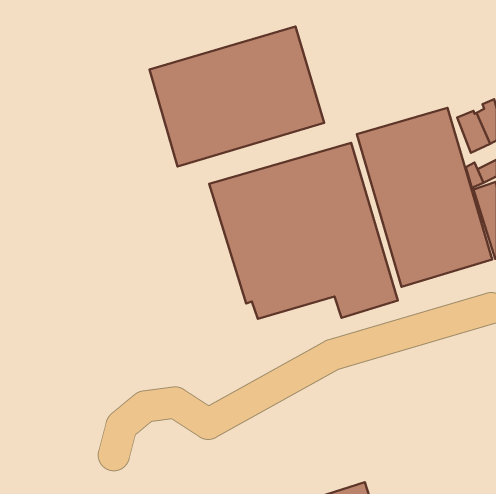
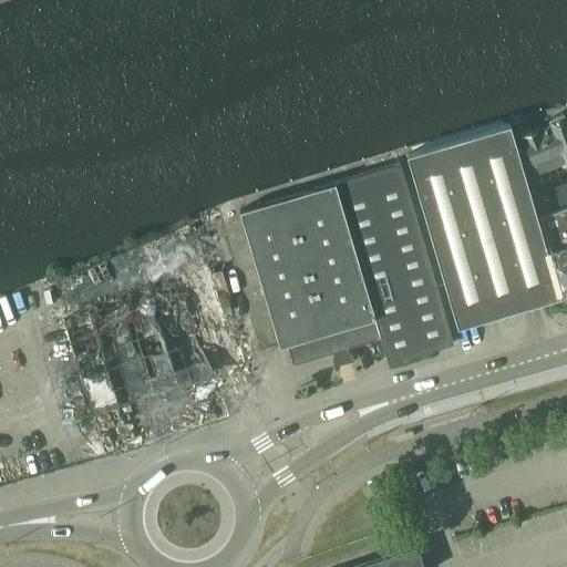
building: [150,26,324,166] -> none

